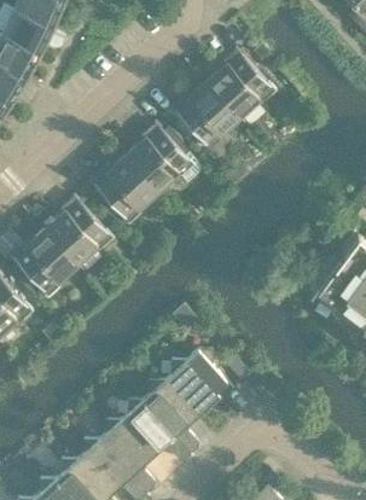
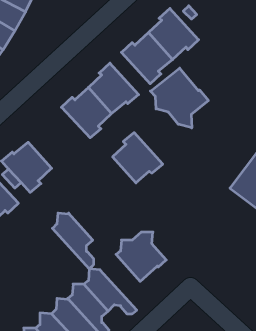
building: none -> [150,68,208,128]
building: [43,196,111,263] -> [113,133,163,183]
building: [140,379,196,454] -> [52,213,94,269]

